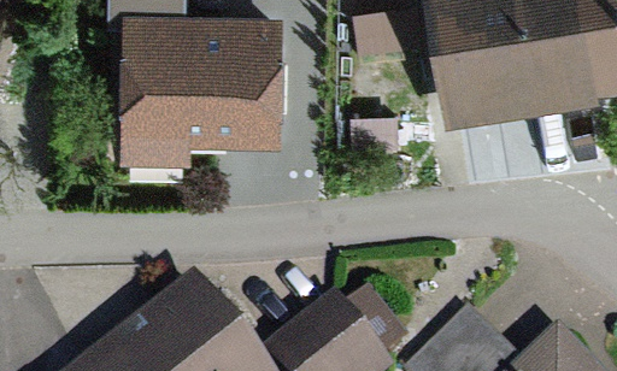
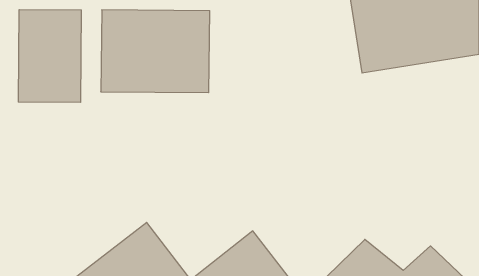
building: none -> [18,10,81,102]

